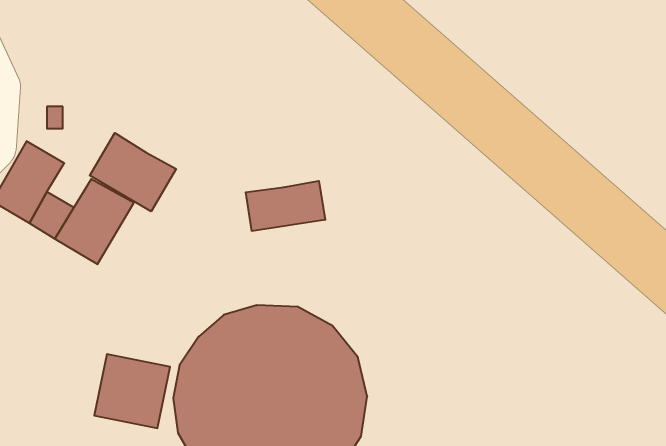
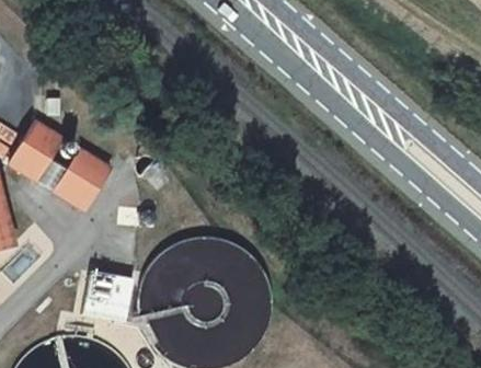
building: [90,133,176,211] -> none
building: [246,181,325,231] -> none

